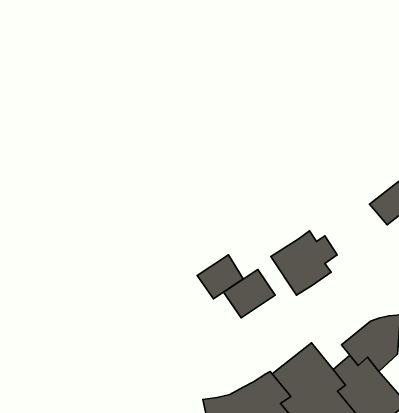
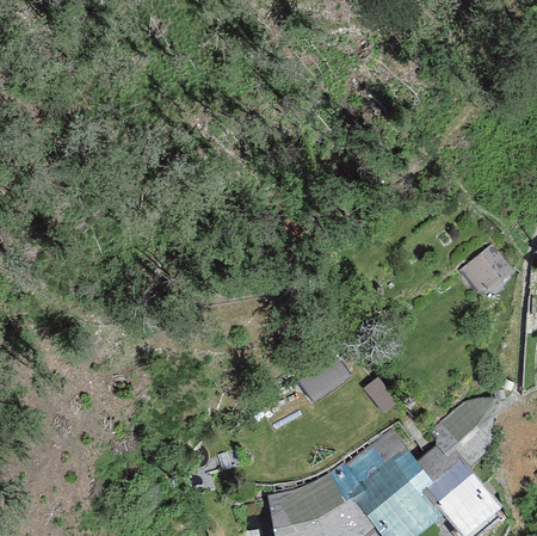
building: [271,231,337,295] -> none
building: [197,255,243,299] -> none

